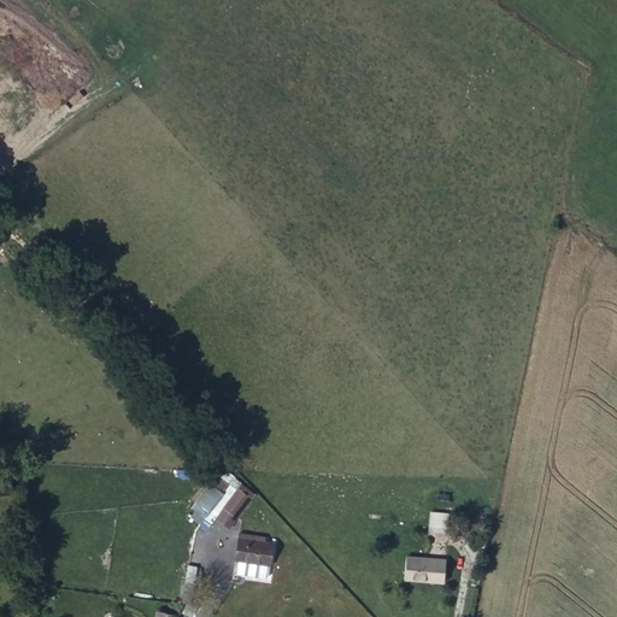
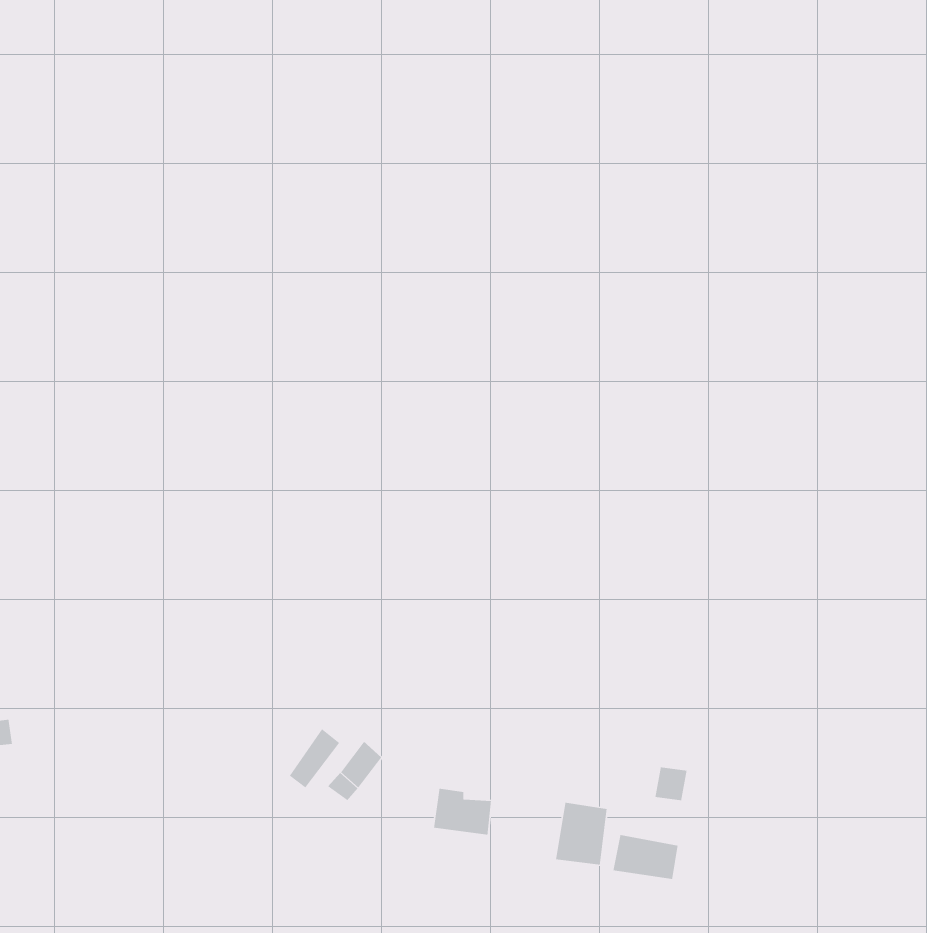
building: none -> [555,802,607,866]
building: [233,536,271,568] -> [433,788,492,835]

